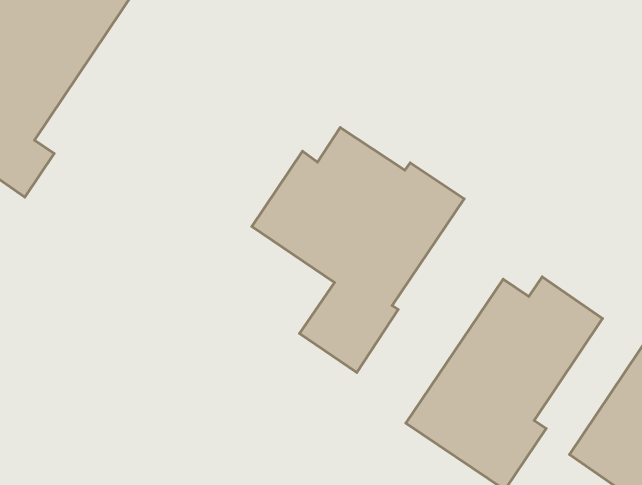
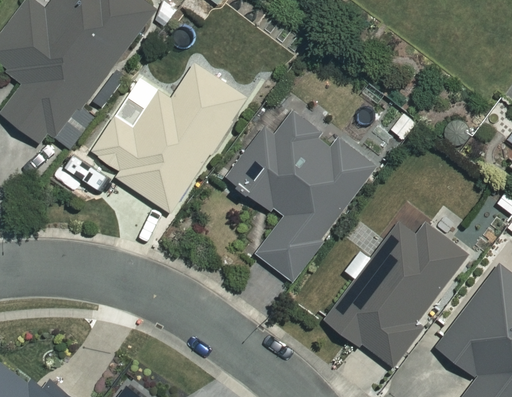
building: none -> [93,63,247,212]

